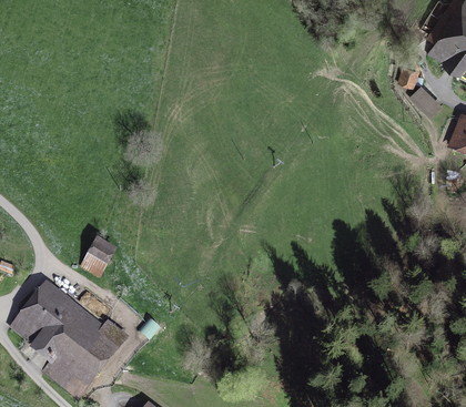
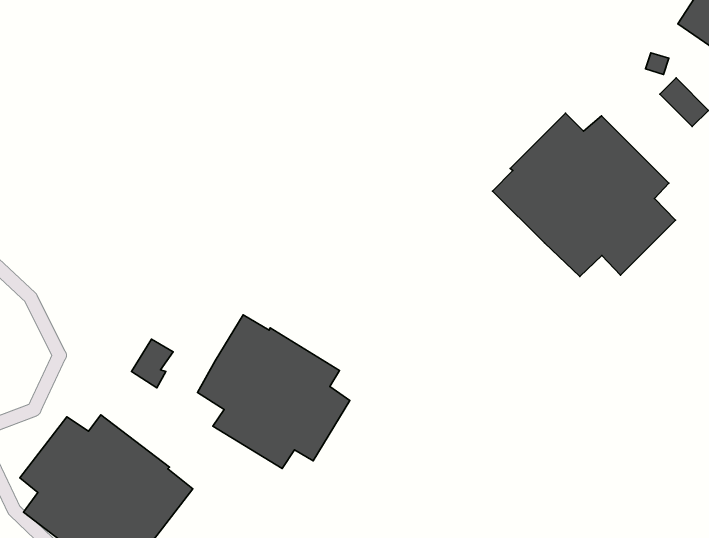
building: none -> [493,113,676,276]
building: none -> [197,315,350,469]

